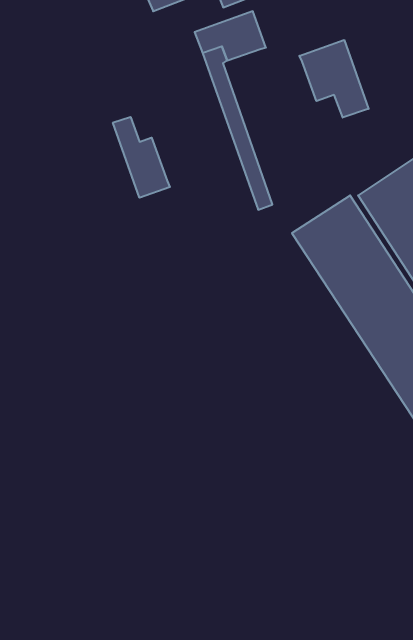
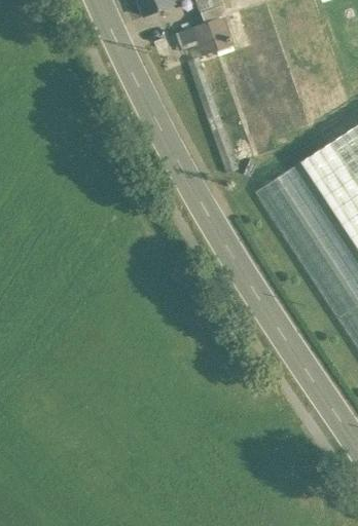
building: [299,40,369,118] -> none
building: [113,117,170,198] -> none

